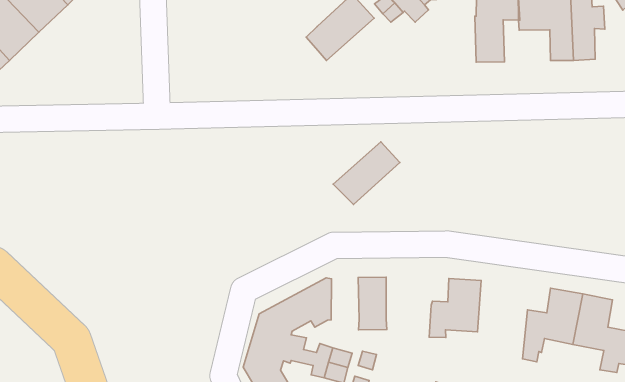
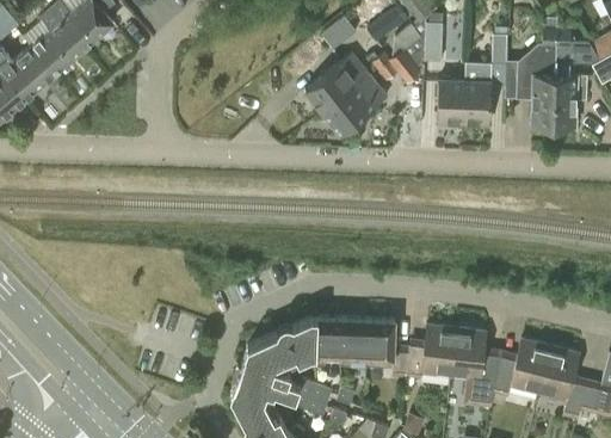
building: none -> [437,80,464,124]
building: [333,142,400,205] -> [323,78,387,135]
building: none -> [365,320,408,378]
building: none -> [314,319,341,366]
building: none -> [450,328,498,406]

